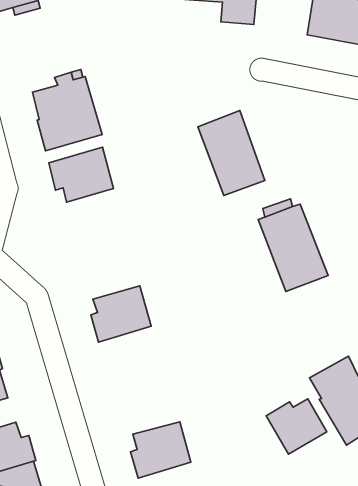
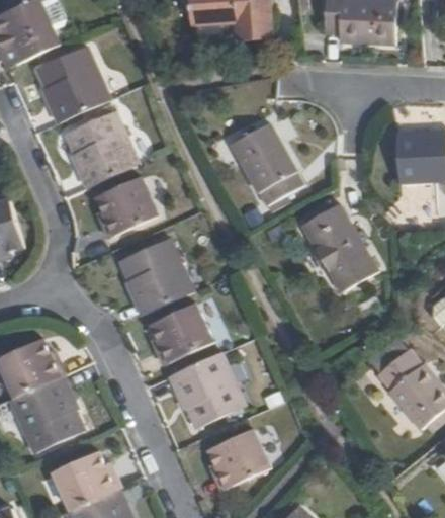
building: none -> [38,46,110,122]
building: none -> [121,239,192,315]
building: none -> [169,352,244,428]
building: [266,399,327,454] -> none

